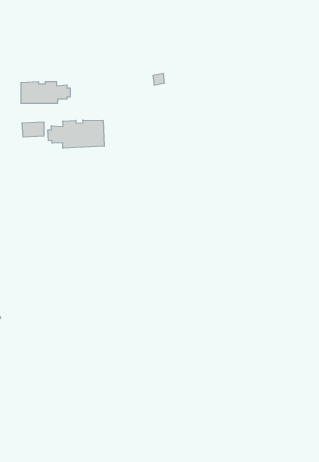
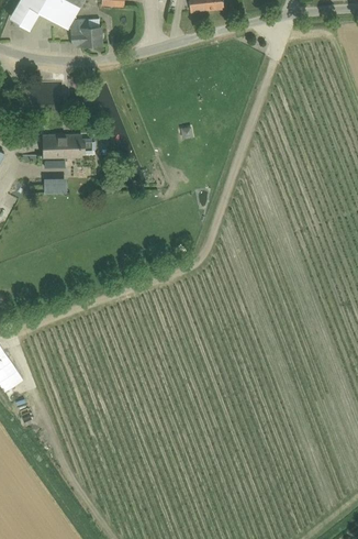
building: [48,120,104,148] -> none

